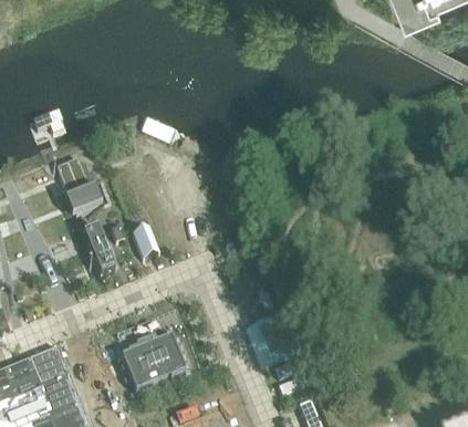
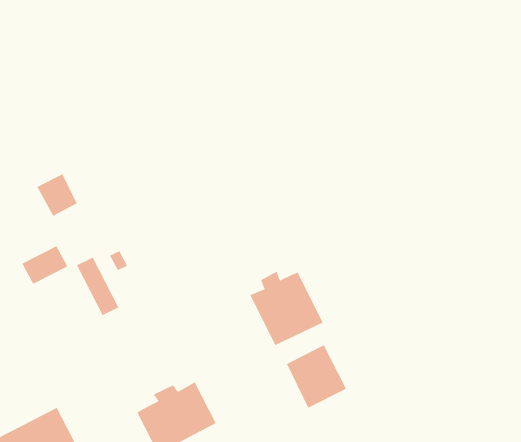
building: [67,184,105,214] -> [21,246,68,284]
building: none -> [250,271,323,346]

